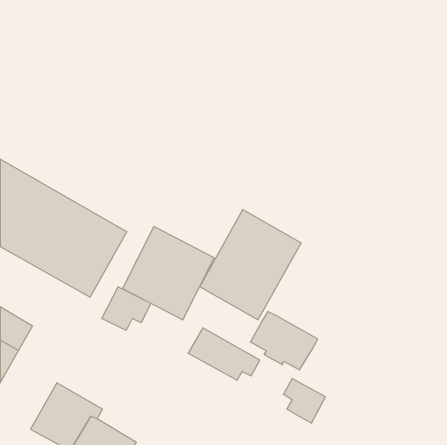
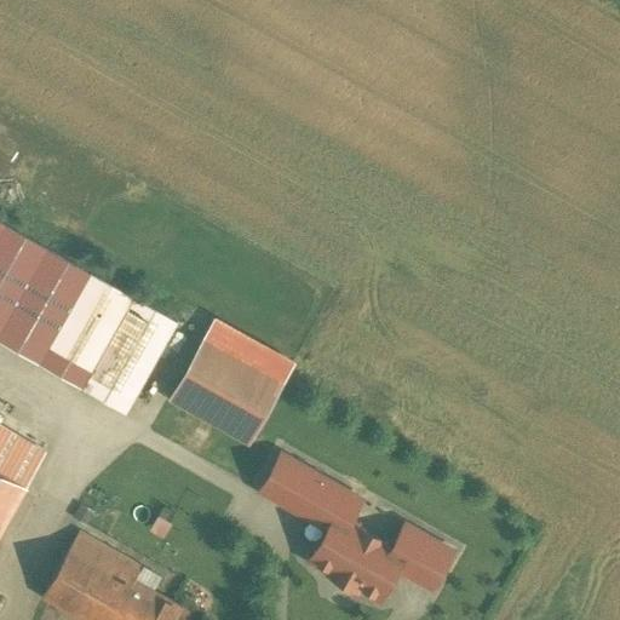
building: [200,210,301,320] -> none
building: [102,287,151,330] -> none
building: [250,311,318,370] -> [311,517,404,598]

